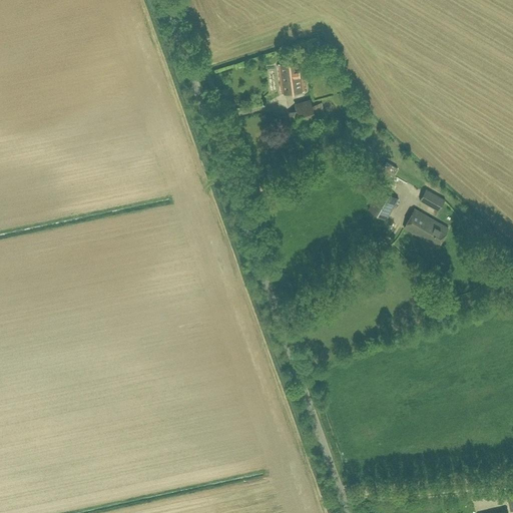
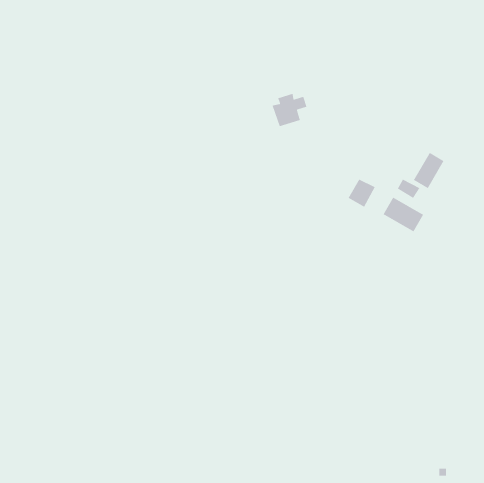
building: [278,63,303,94] -> none
building: none -> [413,152,445,189]

